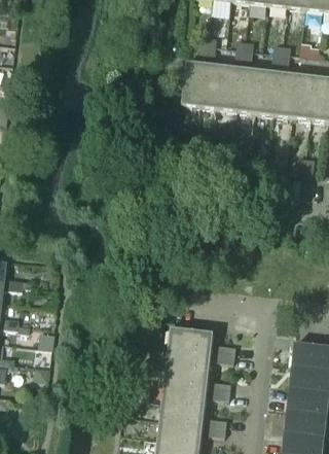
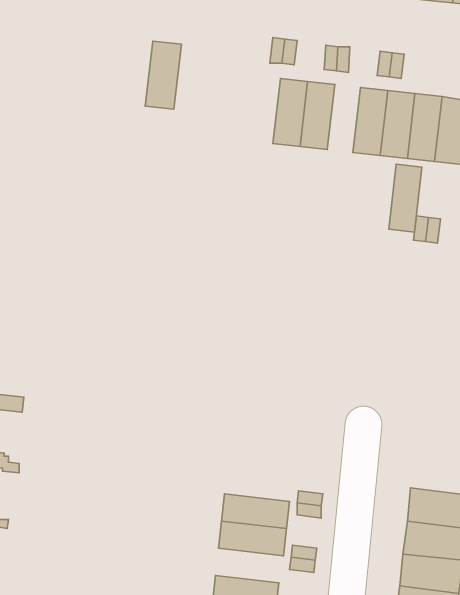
building: [181,61,206,107] -> [145,41,182,109]
building: [237,67,260,113] -> [389,164,422,232]
building: [168,327,214,351] -> none
building: [161,383,208,407] -> none

